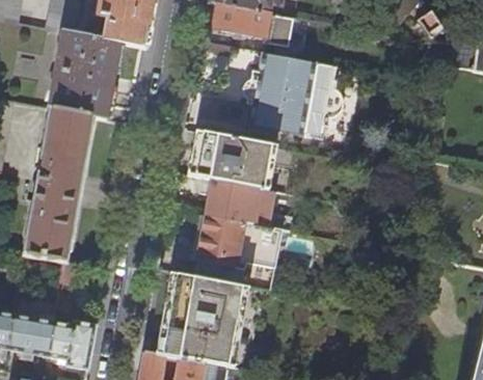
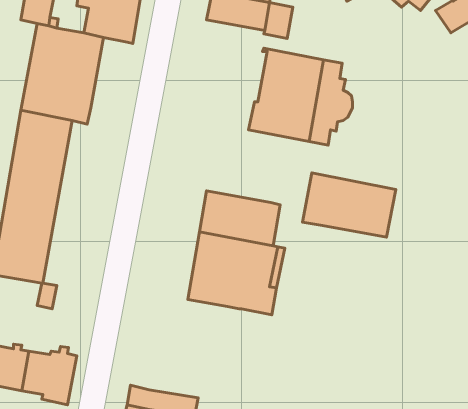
building: [195,132,278,189] -> [302,173,396,237]
building: [162,271,242,367] -> none

